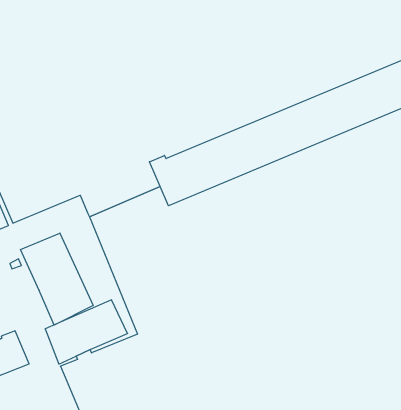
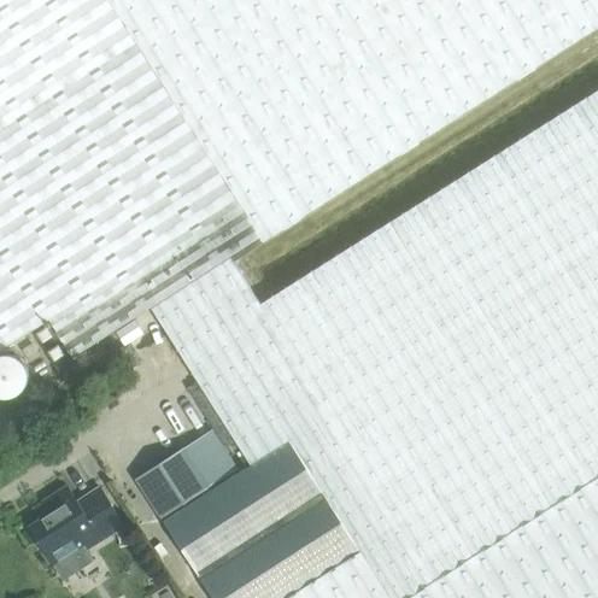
building: [20,233,93,325] -> none

